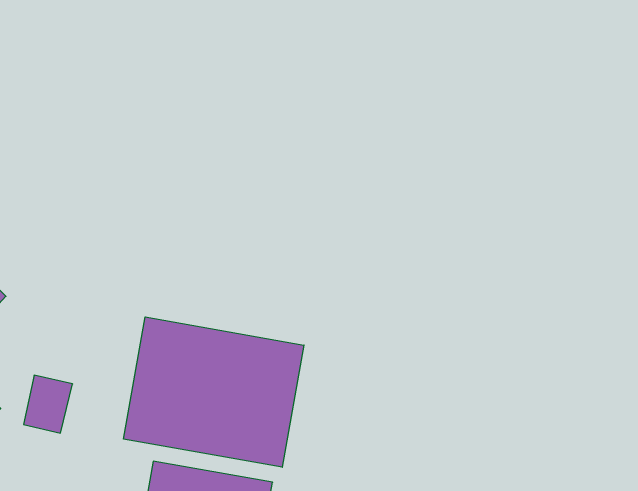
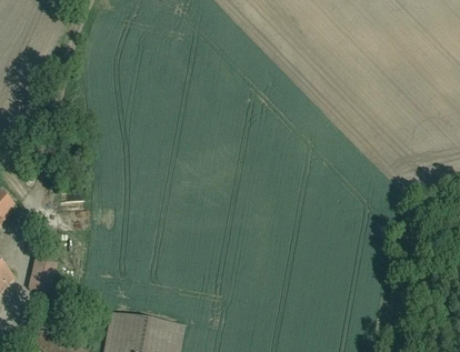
building: [124,317,304,467] -> none

